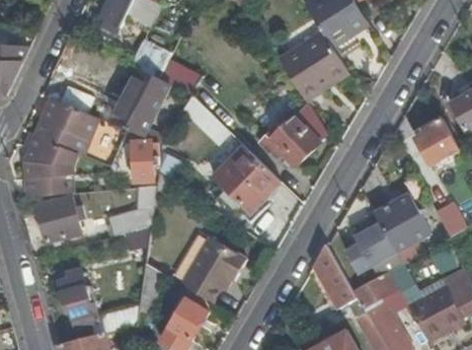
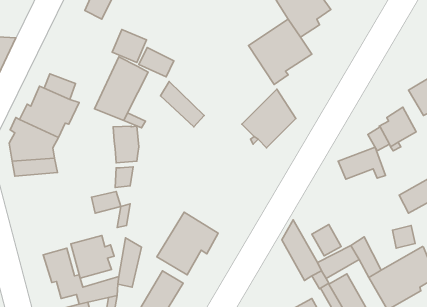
building: [214,146,282,213] -> none
building: [38,196,85,241] -> [71,235,114,278]
building: [362,208,412,242] -> [338,147,386,179]

